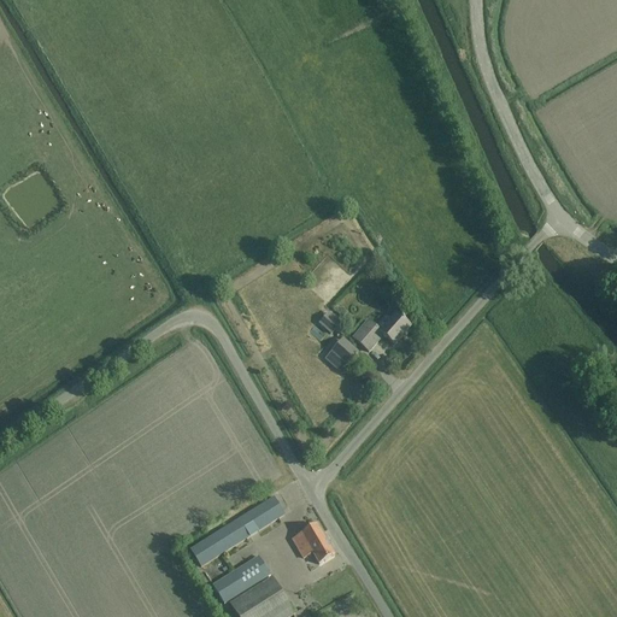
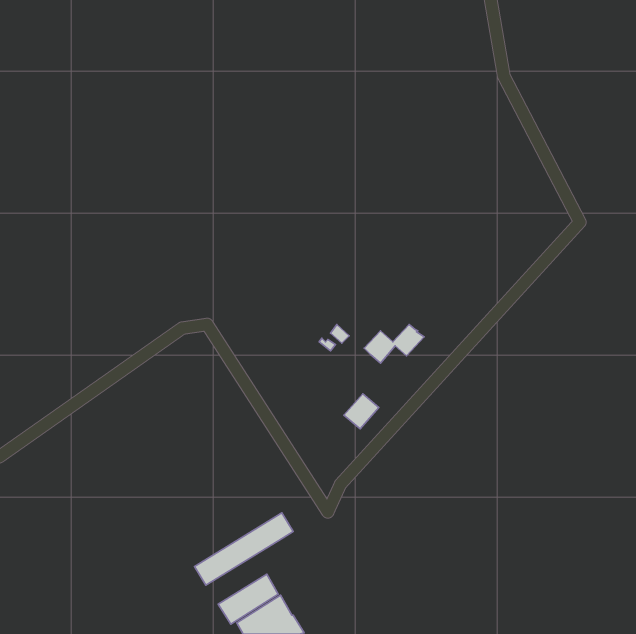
building: [324,337,358,371] -> [344,394,379,429]
building: [292,524,333,563] -> none

